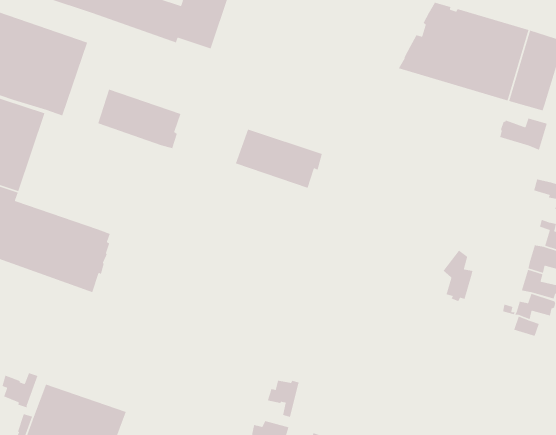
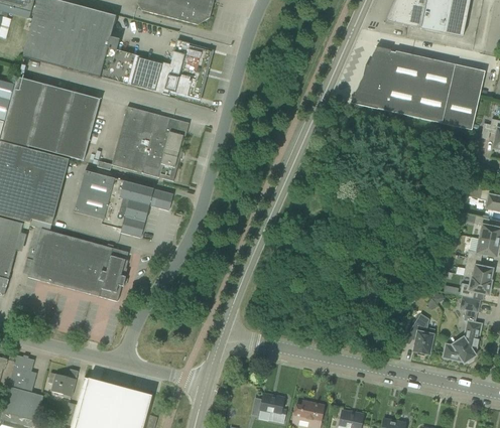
building: [499,118,548,151] -> none
building: [235,128,323,189] -> [118,106,189,151]
building: none -> [74,170,172,237]
building: [442,250,474,302] -> [408,313,433,355]
building: none -> [443,320,481,363]
building: [267,380,300,418] -> none

